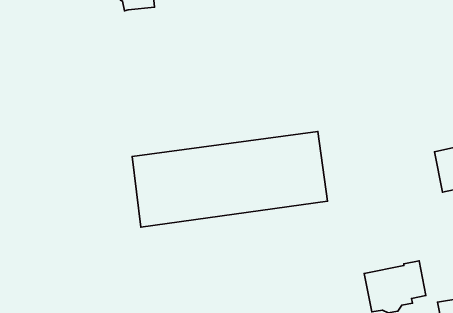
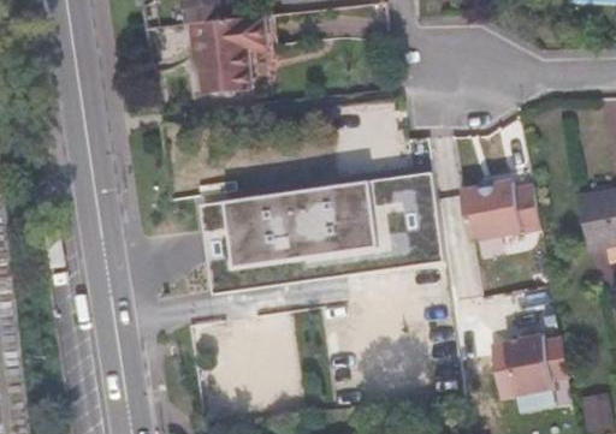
building: none -> [197,13,267,91]
building: none -> [458,176,537,236]

